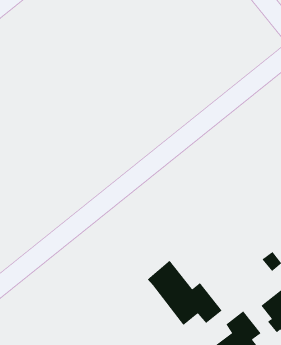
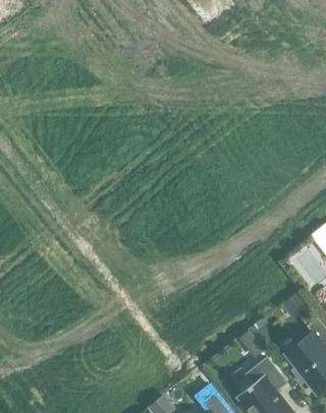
building: [147,260,223,326] -> none

